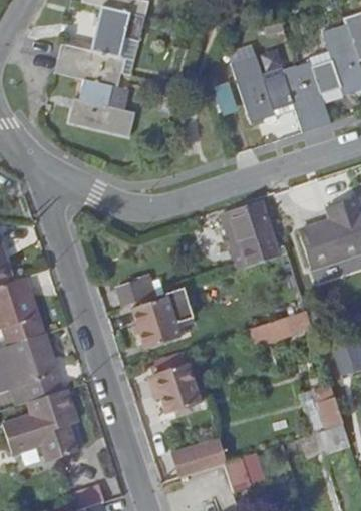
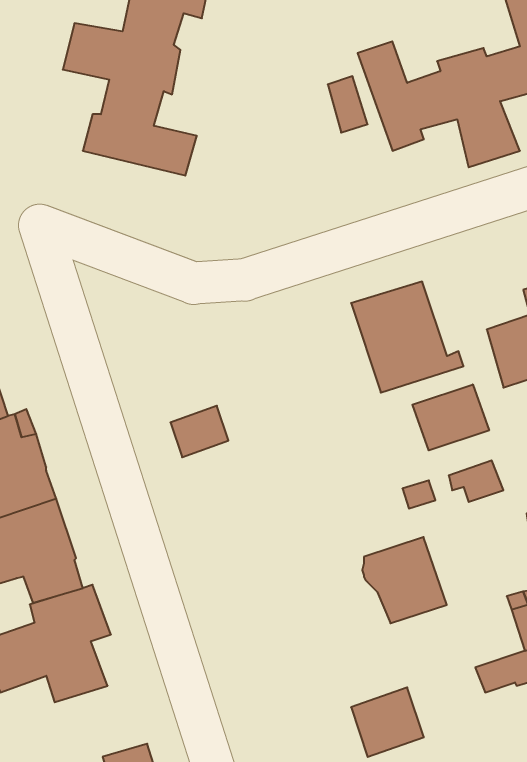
building: none -> [412,384,489,450]
building: [133,289,191,352] -> none
building: [151,362,203,414] -> [362,537,447,623]
building: [175,435,225,474] -> none

